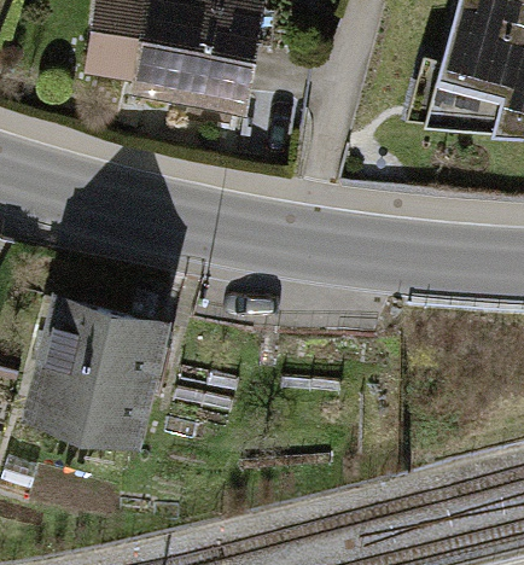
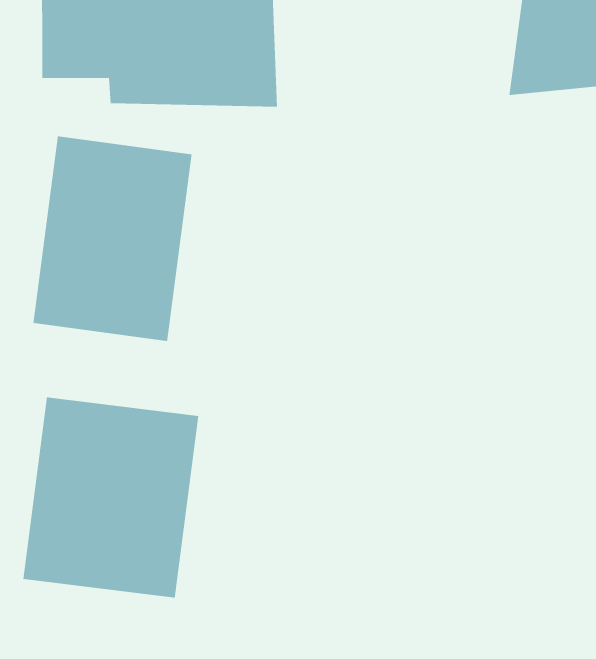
building: none -> [33,135,192,342]

